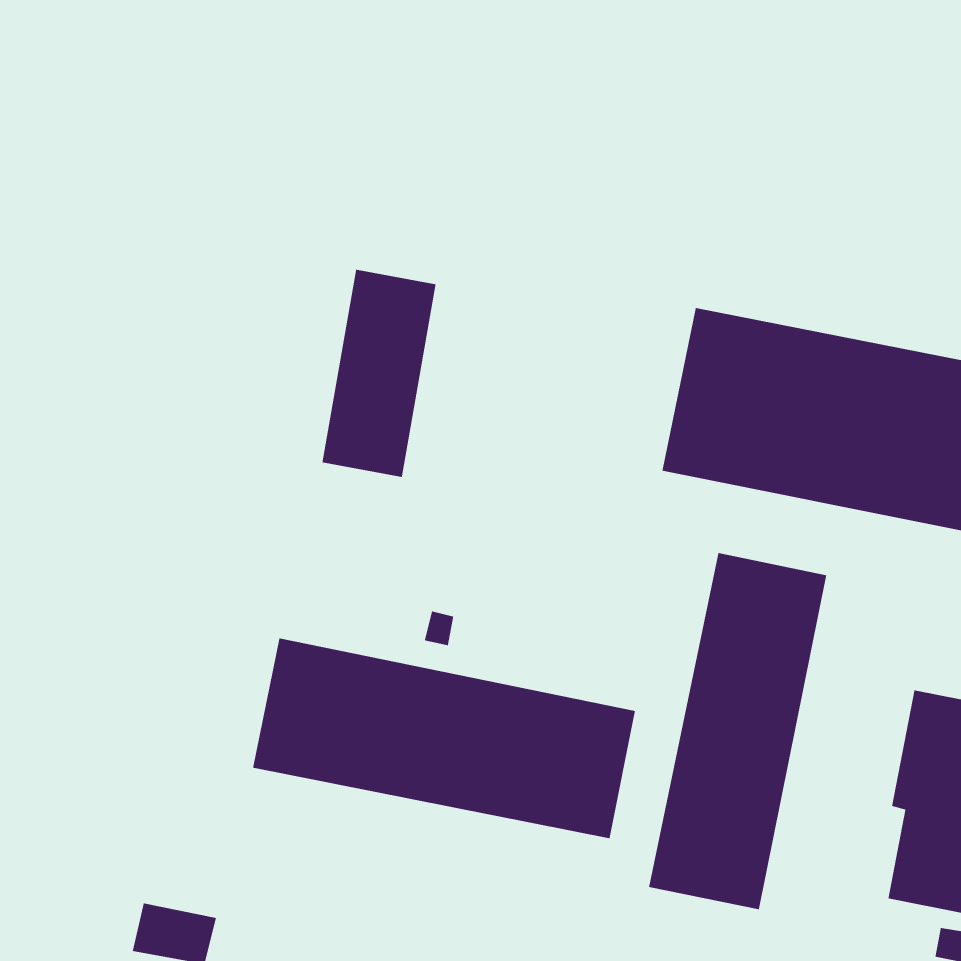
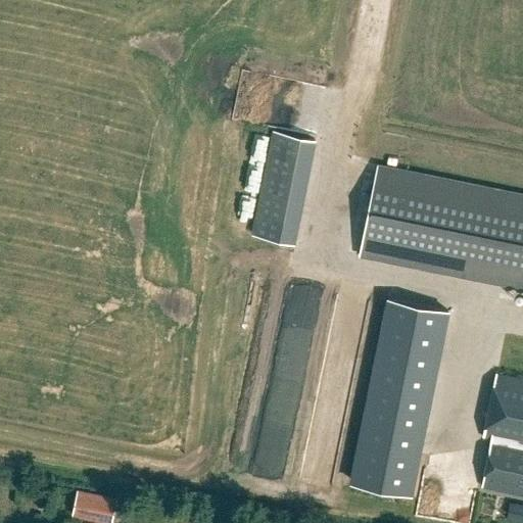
building: [321,269,436,478] -> [251,130,314,243]
building: [252,637,636,839] -> none

